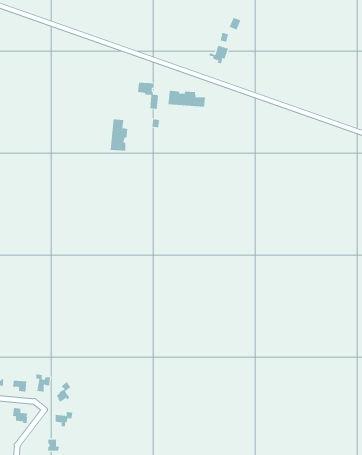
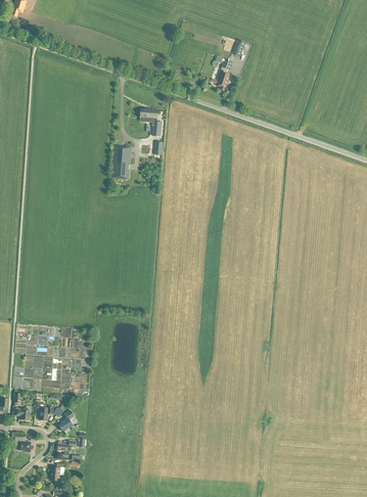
building: [168,90,205,107] -> none

